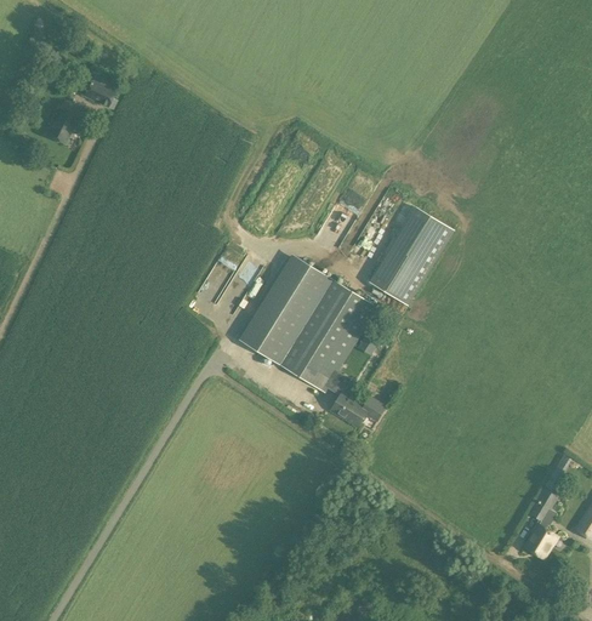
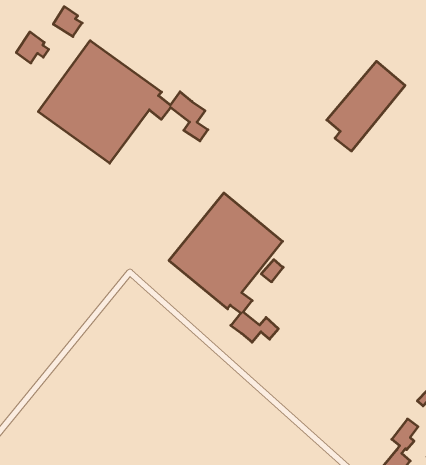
building: none -> [38,41,208,163]
building: [364,205,448,310] -> [327,61,405,151]

